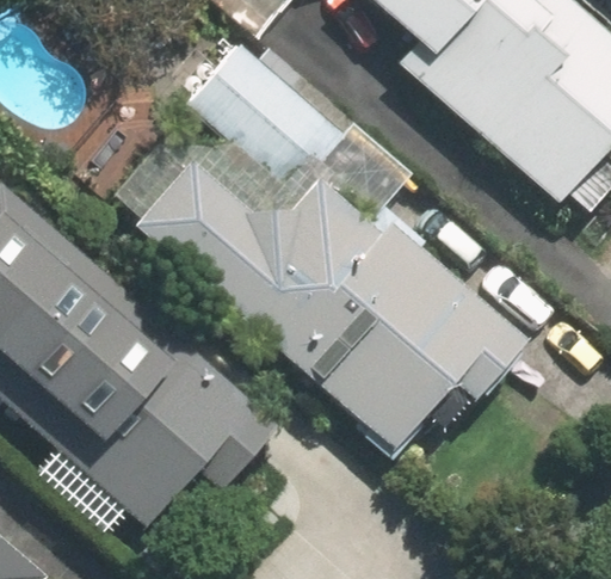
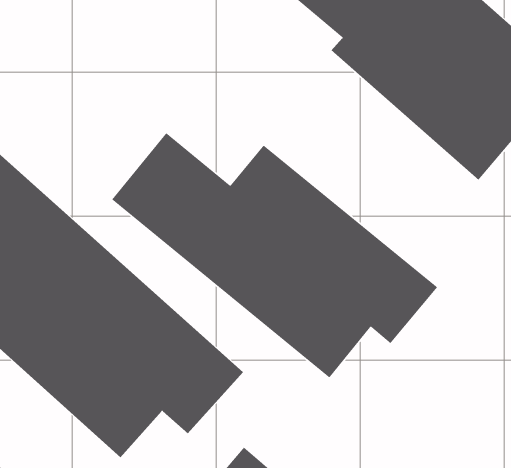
building: [177,19,339,174] -> none

